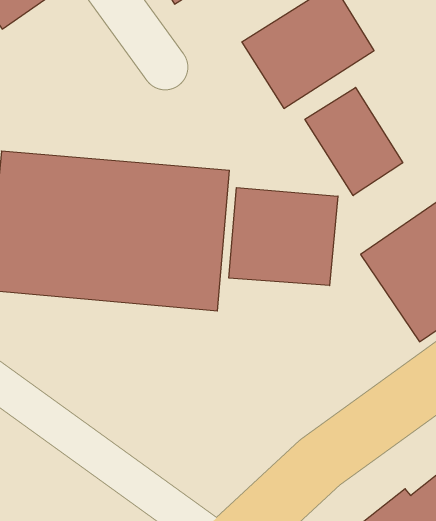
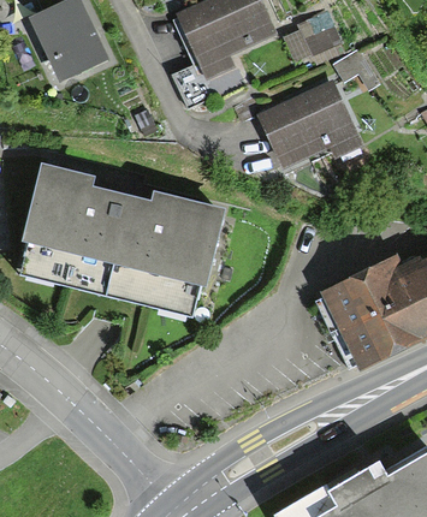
building: [305,87,403,196] -> none
building: [229,188,338,286] -> none

